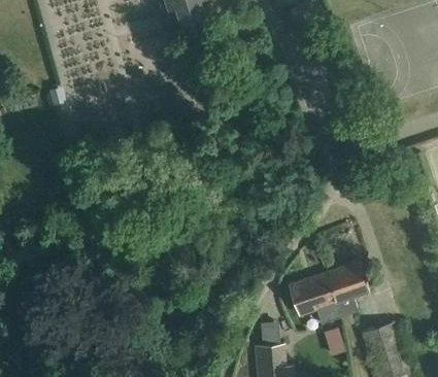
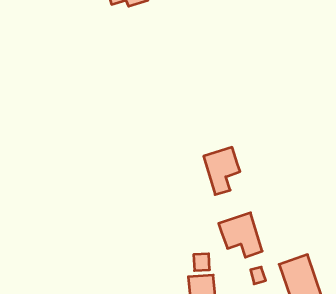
building: [327,263,369,317] -> [204,147,240,195]

